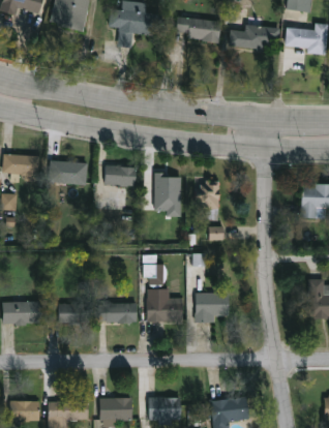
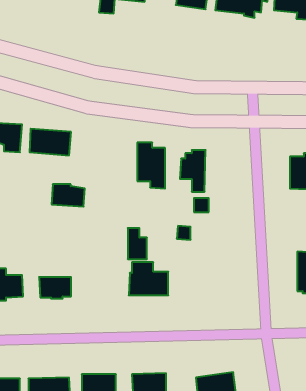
building: [104,164,137,186] -> [52,184,85,207]
building: [196,294,229,324] -> none
building: [97,303,138,324] -> none

